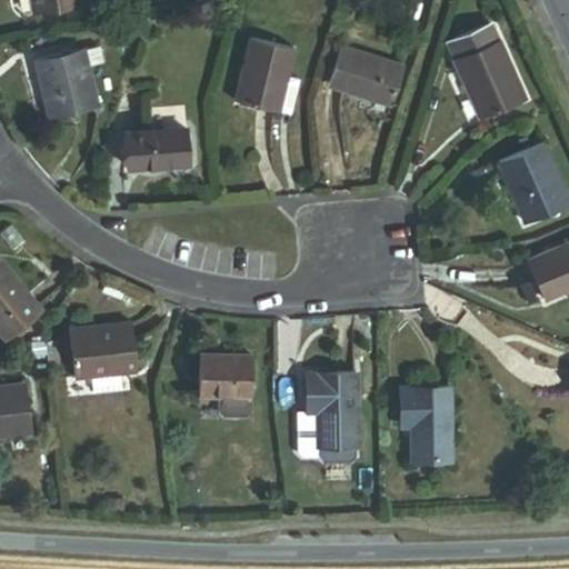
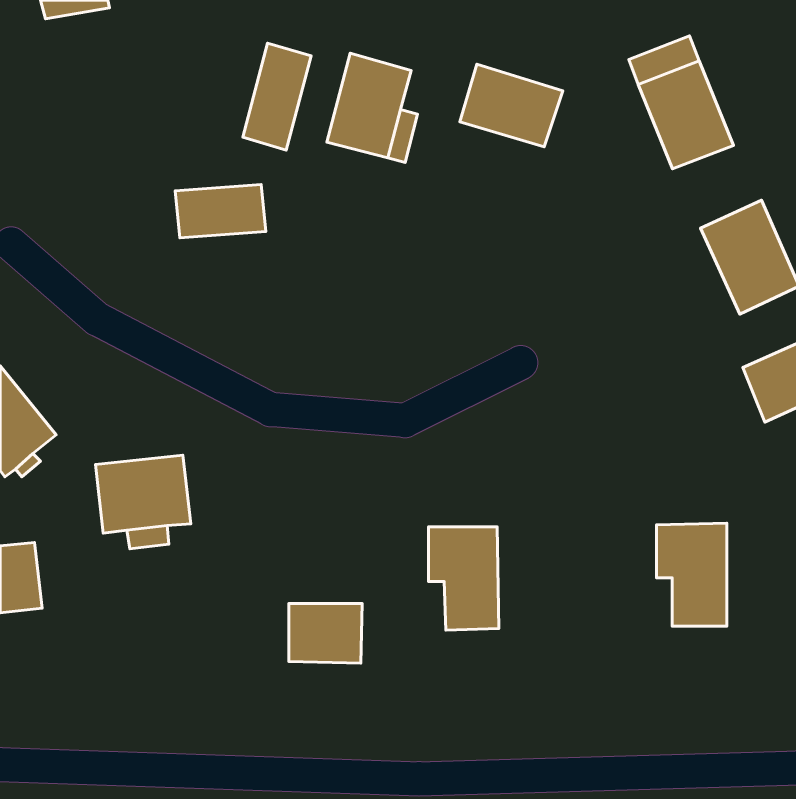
building: none -> [243,43,311,150]
building: [37,49,99,119] -> none
building: [201,356,253,398] -> [289,604,362,663]
building: [401,389,451,462] -> [657,523,727,626]

